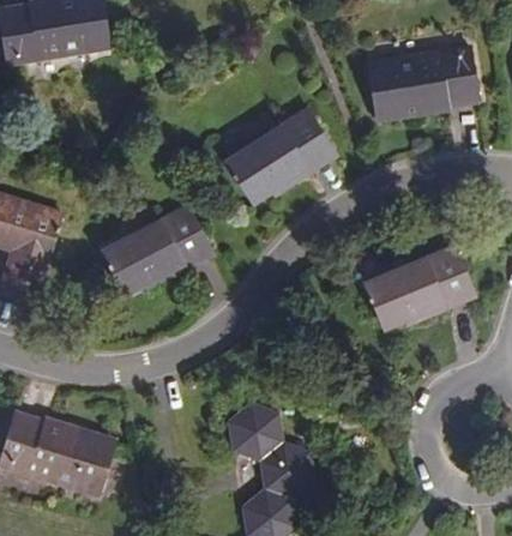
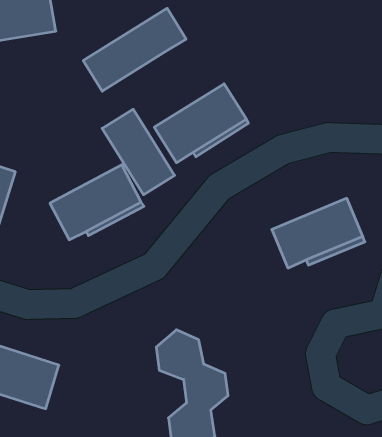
building: none -> [83,8,186,91]
building: [368,50,481,118] -> none
building: none -> [102,109,175,195]

